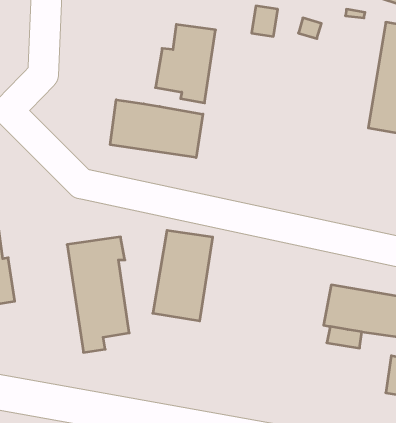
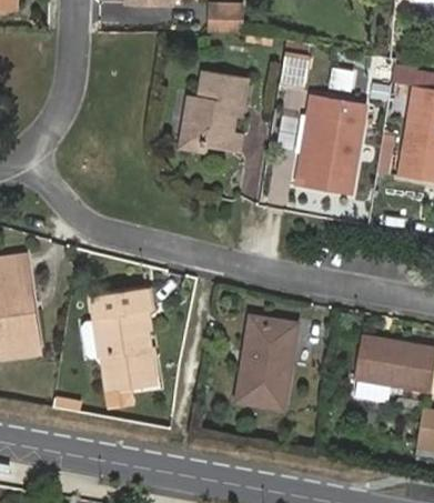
building: none -> [297,98,365,194]
building: [110,100,203,158] -> none
building: [153,230,213,321] -> [235,316,296,409]

